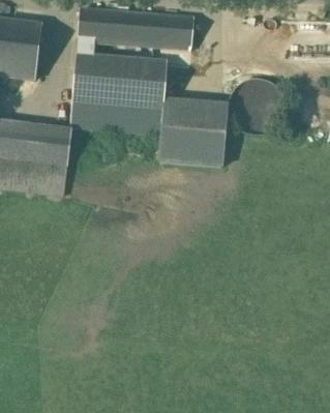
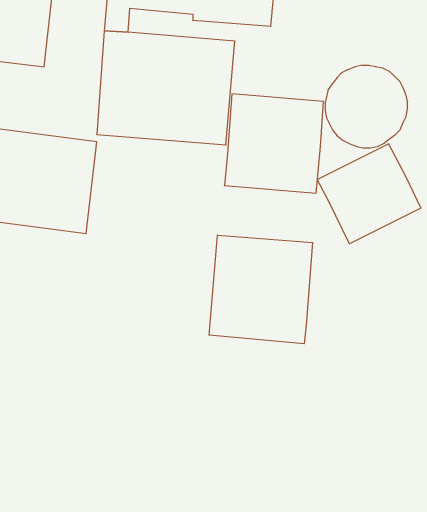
building: none -> [317,144,421,244]
building: none -> [209,235,313,344]

